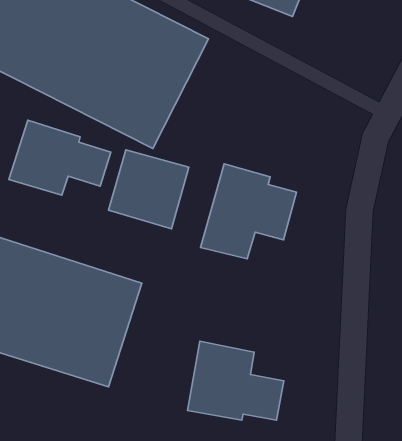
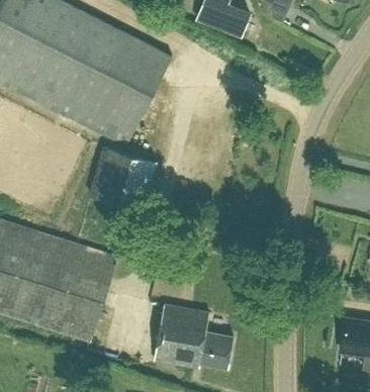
building: [9,120,111,195] -> none
building: [201,164,297,259] -> none

